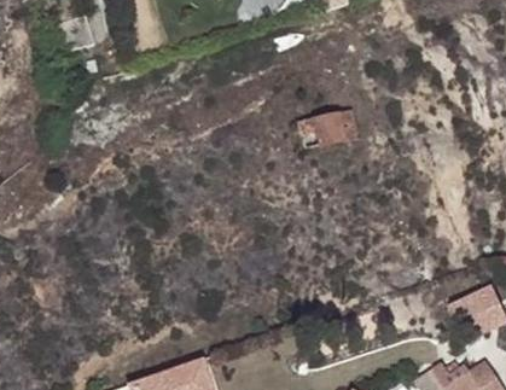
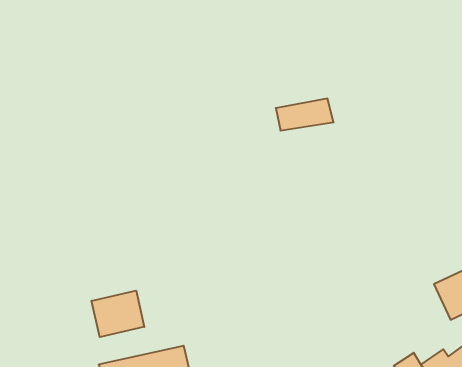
building: none -> [92,291,144,337]

